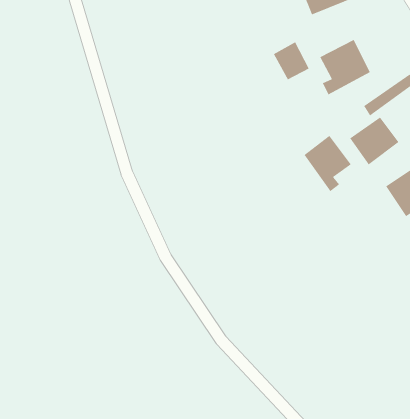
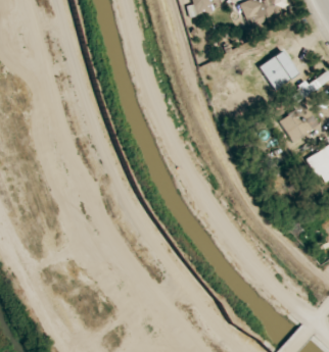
building: [273,41,310,81] -> none
building: [303,135,352,192] -> none

